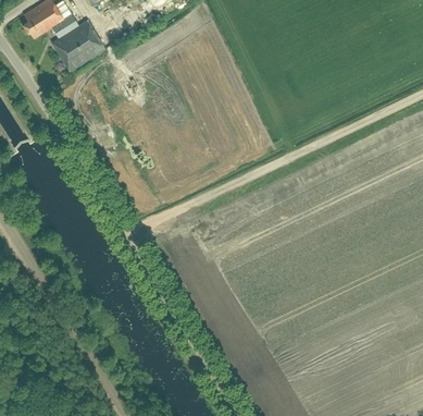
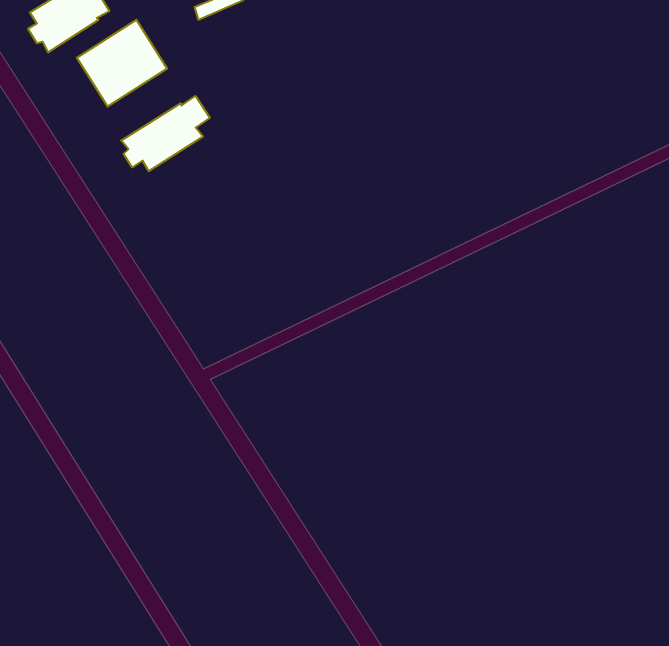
building: none -> [121,96,210,171]

